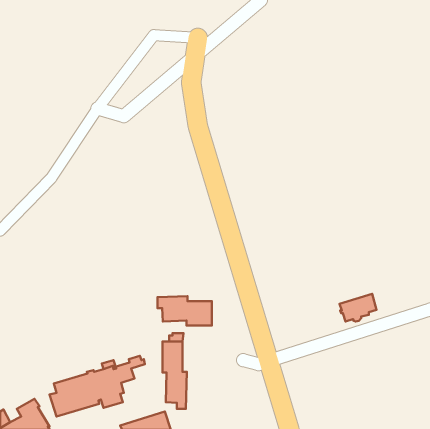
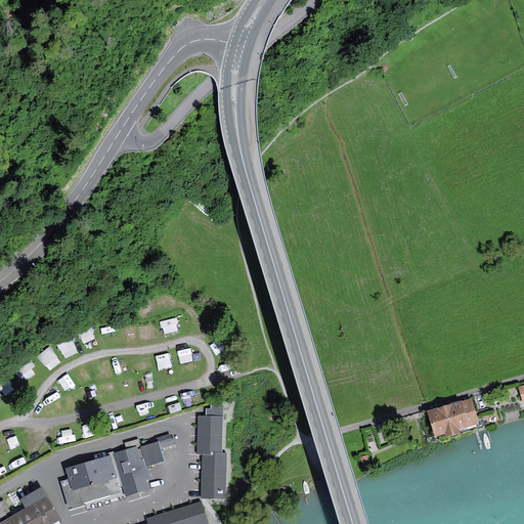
building: [339,294,376,322] -> [430,403,475,437]
building: [157,296,212,325] -> none

